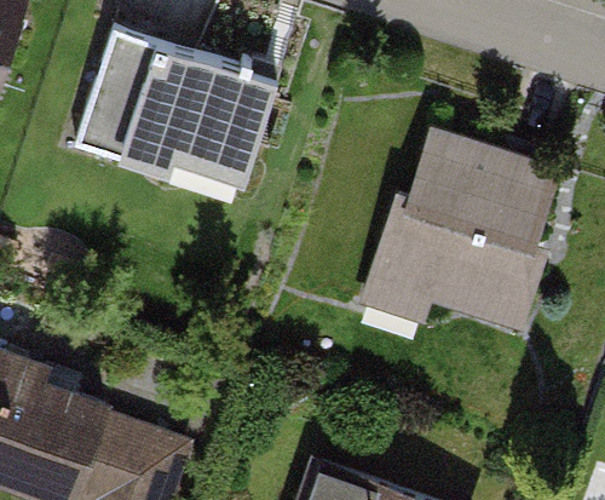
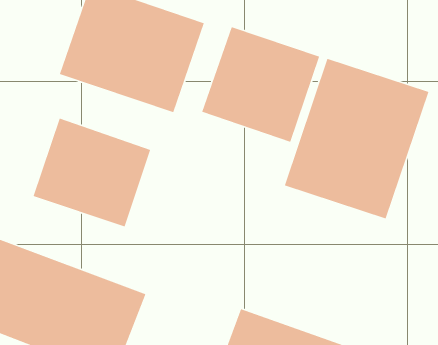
building: none -> [201,26,320,143]
building: none -> [32,118,151,228]

